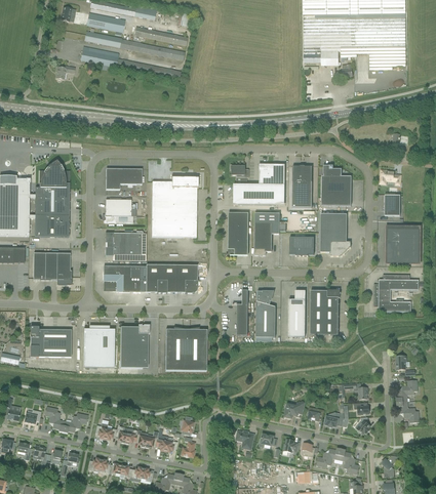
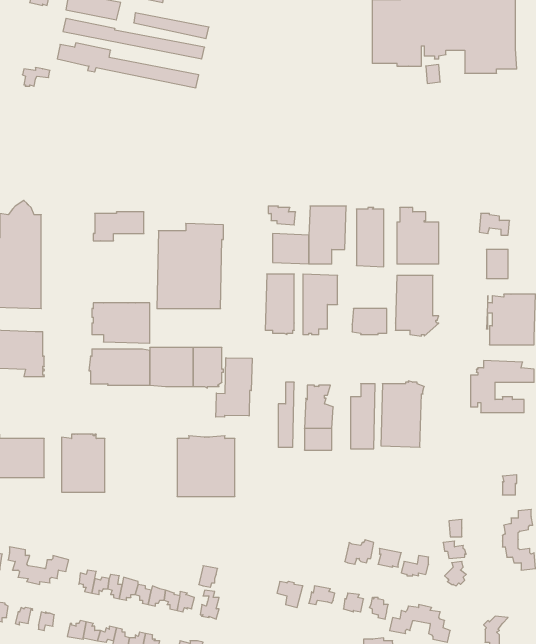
building: [104,199,132,222] -> none
building: none -> [216,358,252,417]
building: [120,324,150,367] -> none

